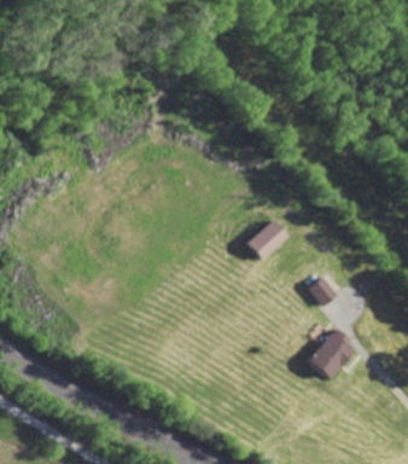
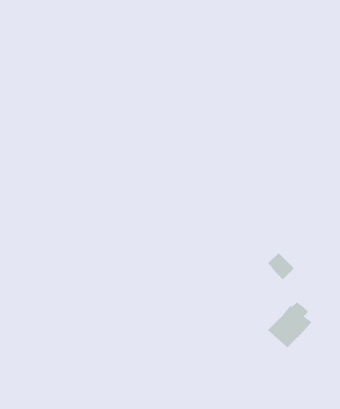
building: [244,217,286,260] -> none

